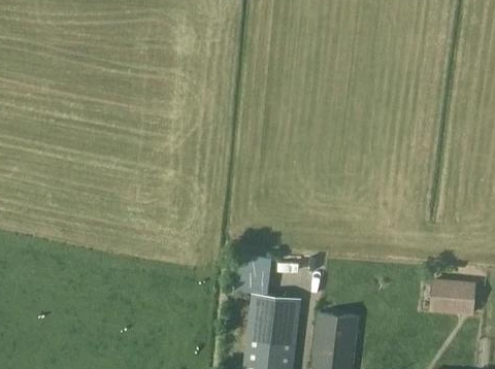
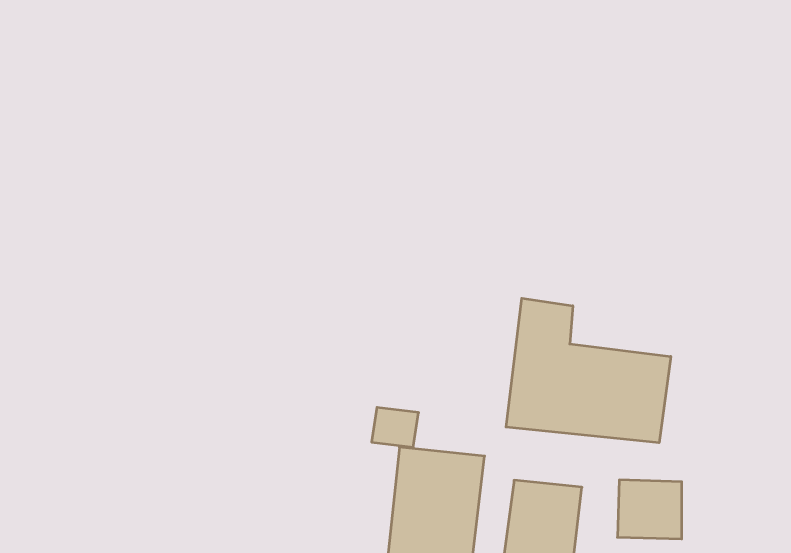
building: none -> [506,298,671,443]
building: [428,279,466,314] -> [617,480,682,539]

